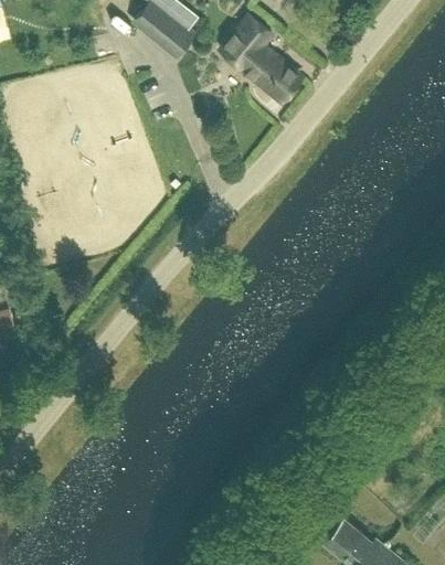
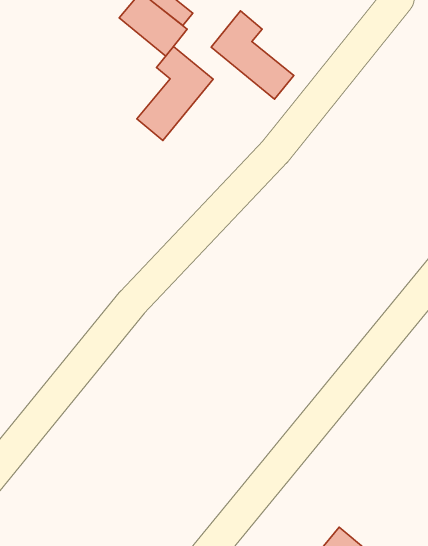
building: none -> [137,46,213,141]

